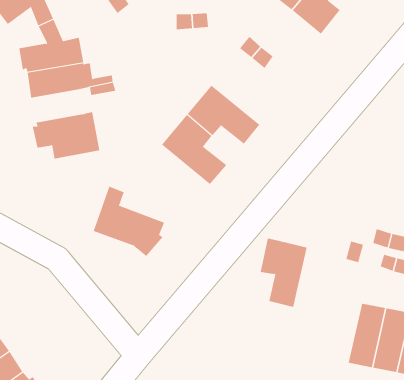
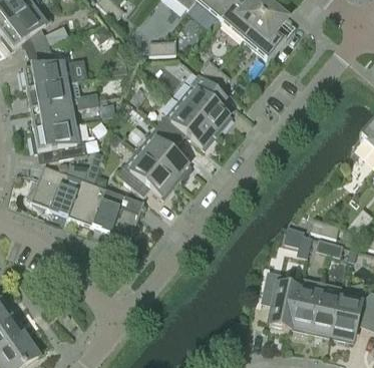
building: none -> [178,74,233,132]
building: none -> [30,103,73,130]
building: none -> [117,148,177,198]
building: none -> [27,164,94,220]
building: [260,238,307,307] -> [263,271,302,328]

